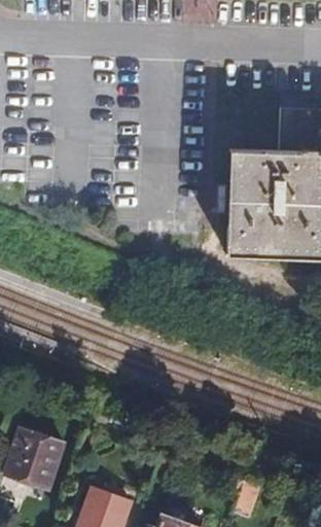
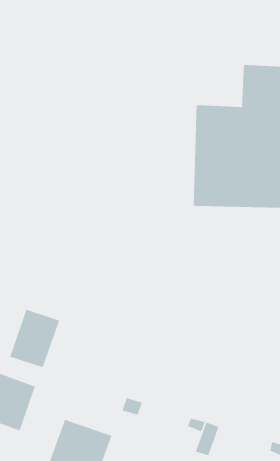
building: none -> [9,309,60,368]

